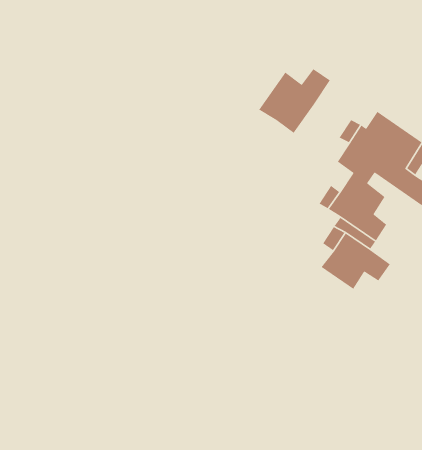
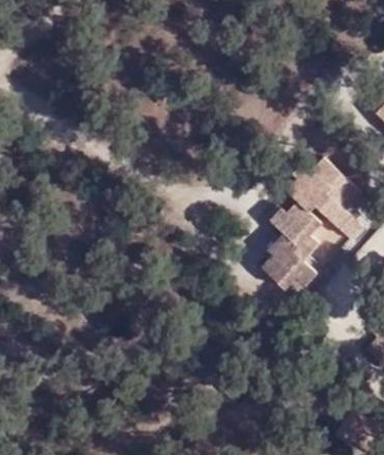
building: [258,68,331,134] -> none

